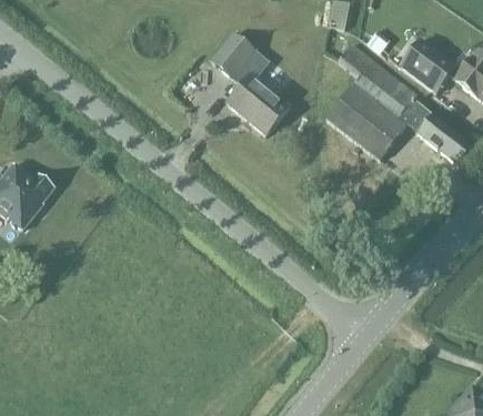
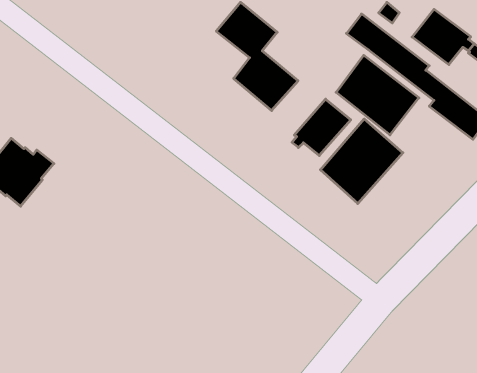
building: none -> [292,99,351,156]
building: none -> [320,119,403,204]

